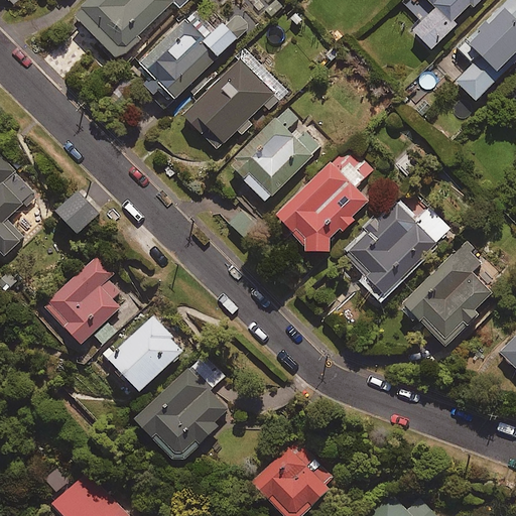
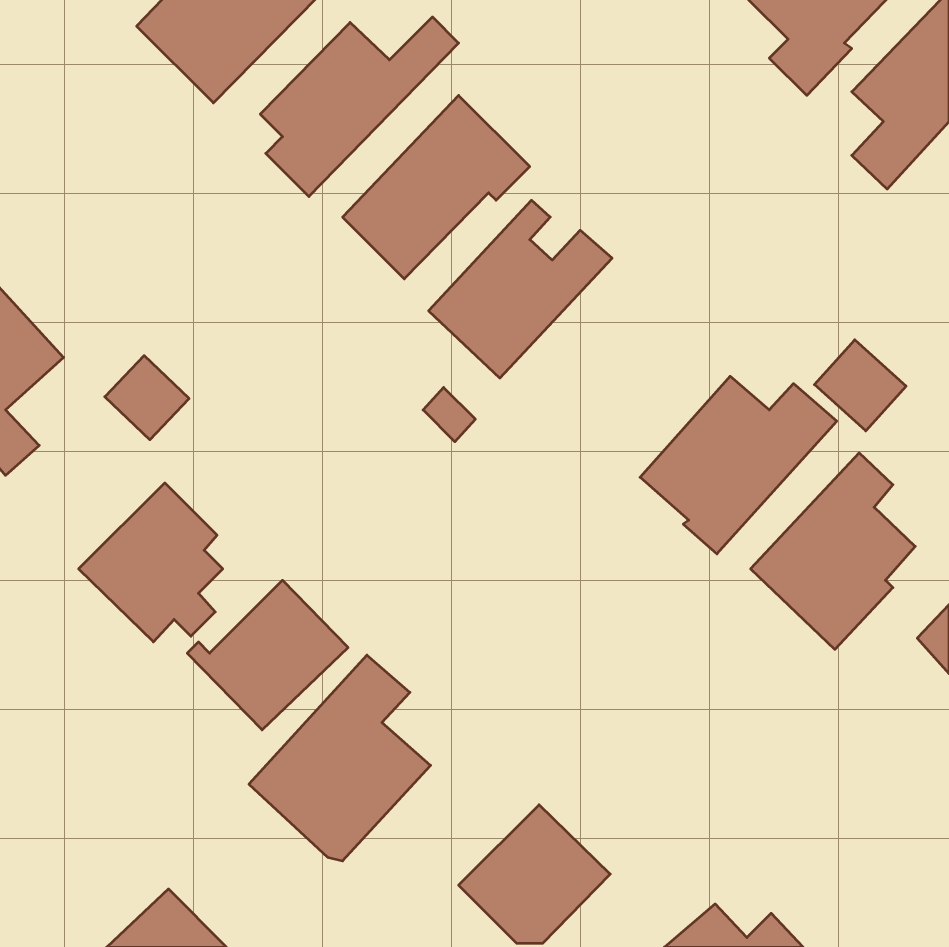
building: [278,147,371,261] -> none
building: none -> [814,340,906,431]

